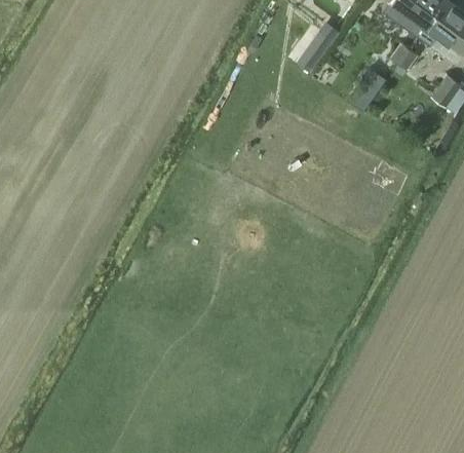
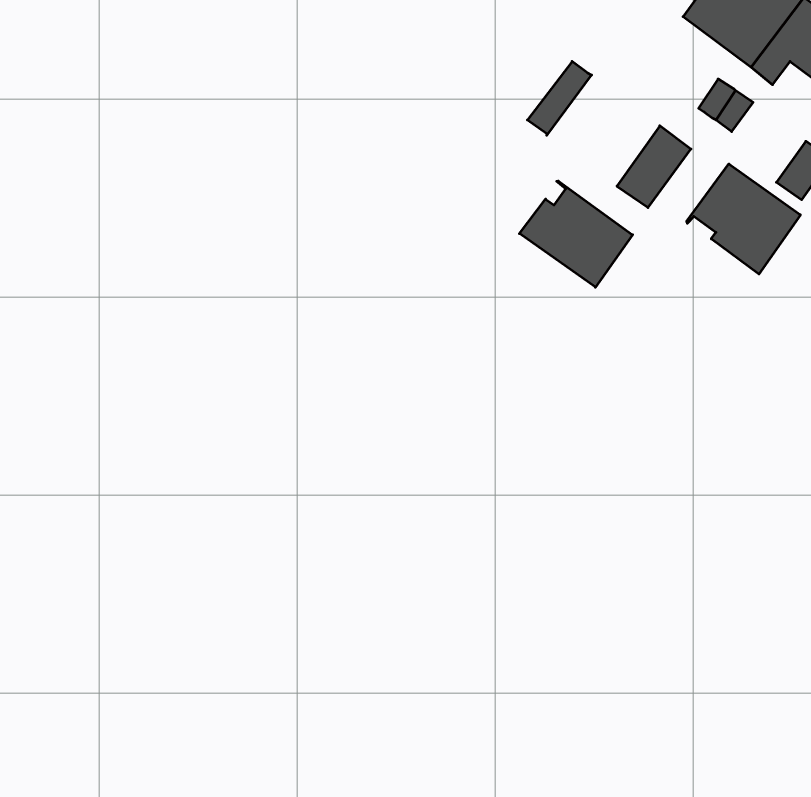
building: none -> [687,164,800,274]
building: none -> [519,181,633,287]

